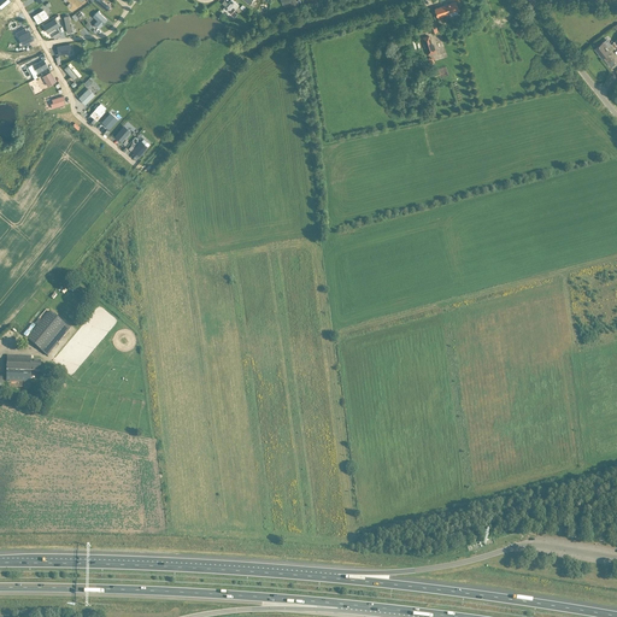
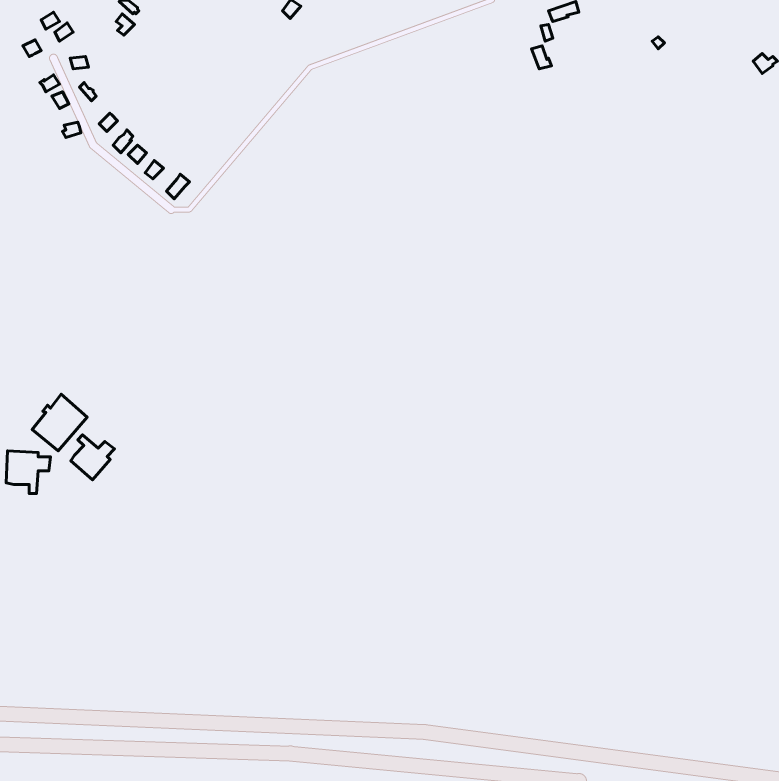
building: none -> [71,435,115,480]

